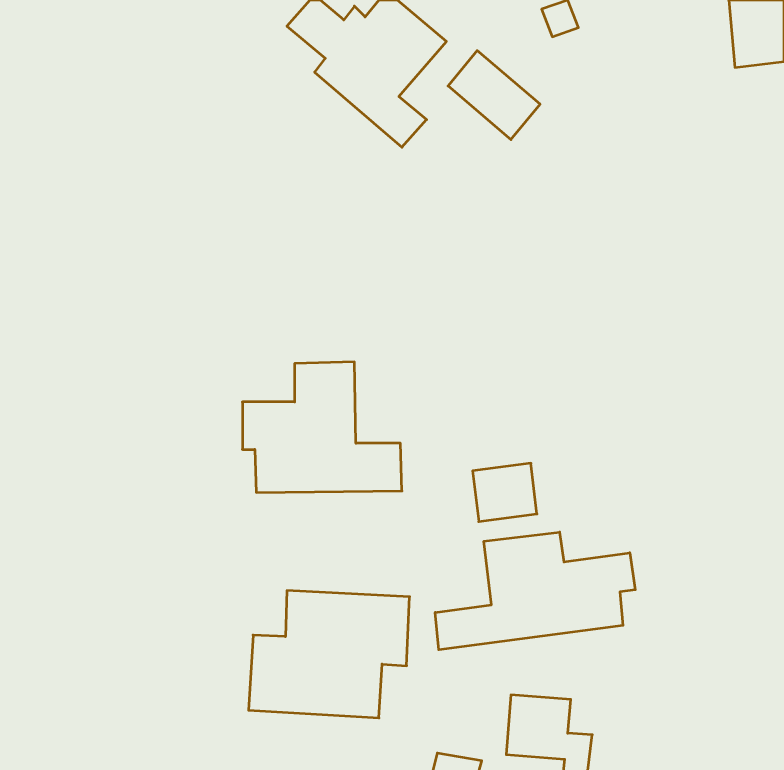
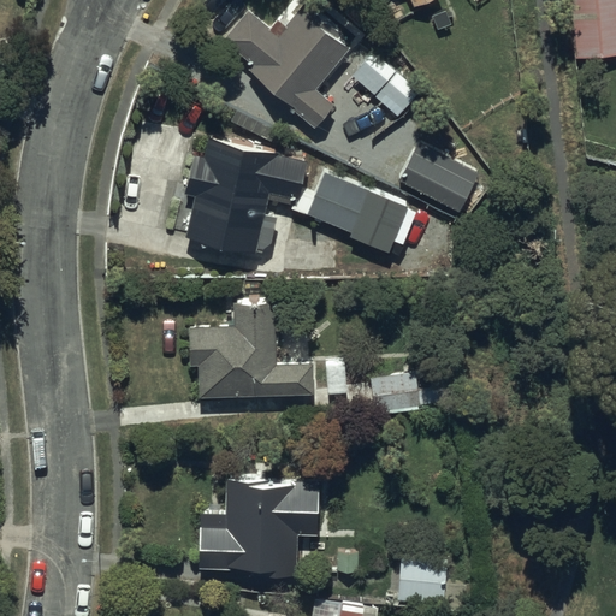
building: none -> [184,136,312,255]
building: none -> [401,147,478,215]
building: none -> [308,179,410,265]
building: [435,532,635,650] -> none

